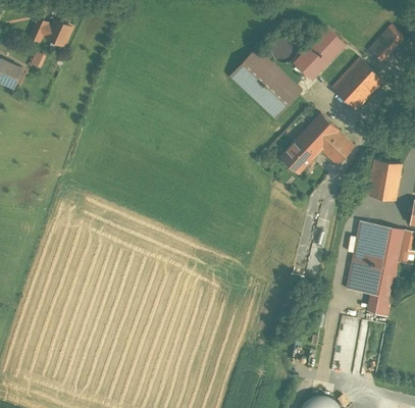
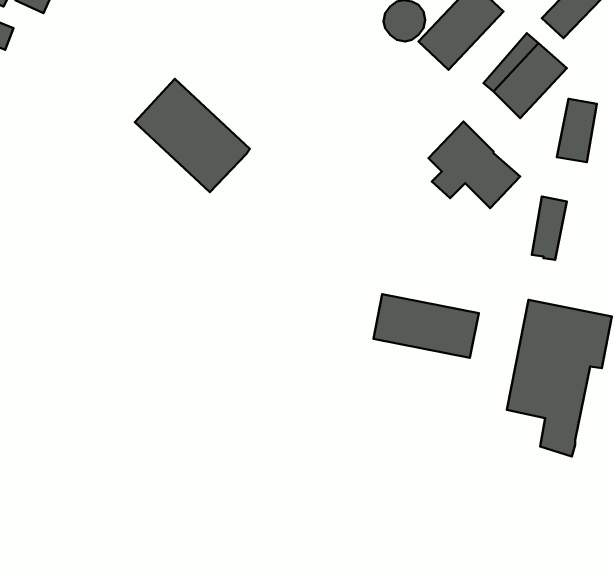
building: [230,48,301,117] -> [135,79,250,192]
building: [279,134,312,173] -> none
building: [376,160,401,199] -> [557,99,597,162]
building: none -> [374,294,479,358]

